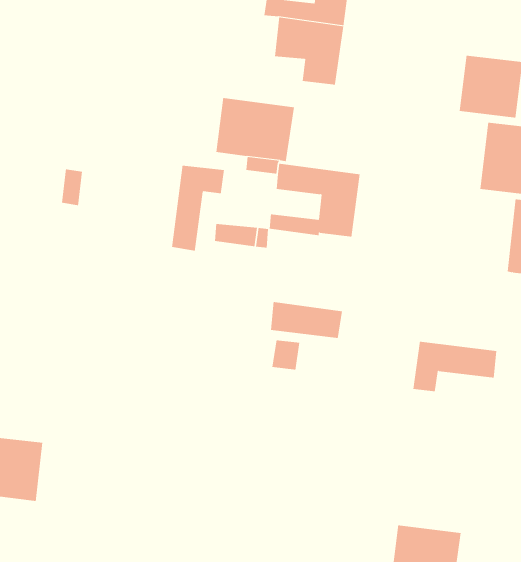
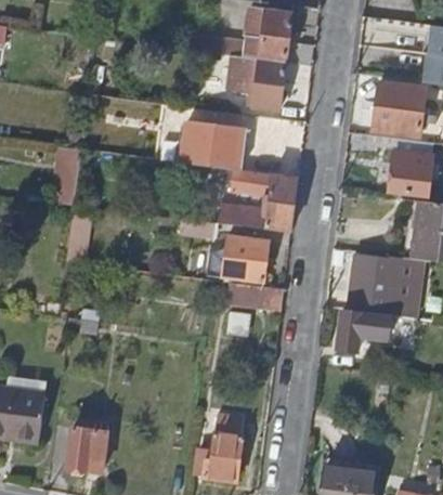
building: [171,165,225,251] -> none
building: none -> [222,235,265,279]
building: none -> [348,252,417,316]
building: none -> [200,412,242,480]
building: none -> [64,428,105,476]

